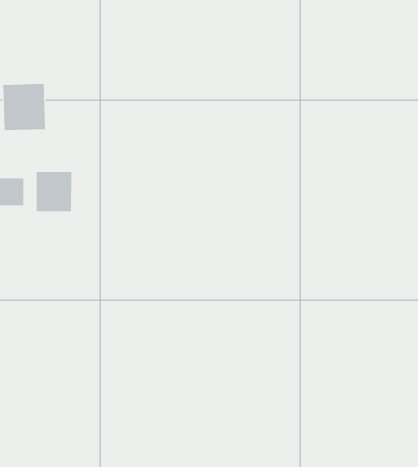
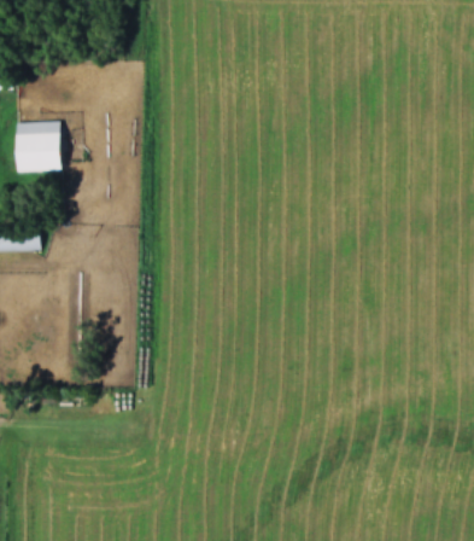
building: [36,171,72,212] -> none

